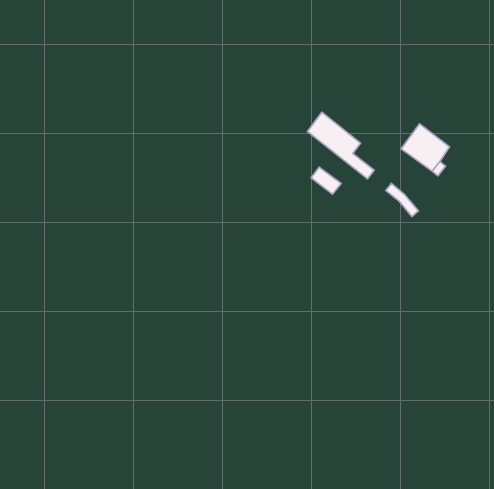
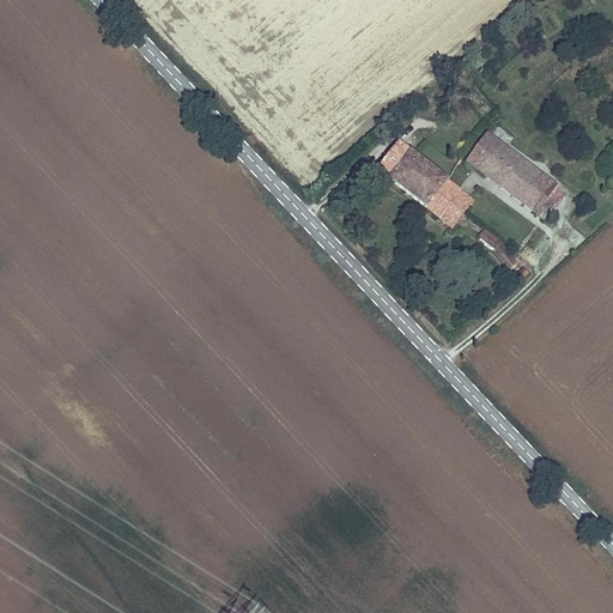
building: none -> [462,129,520,184]
building: [311,167,341,194] -> [437,177,474,211]

